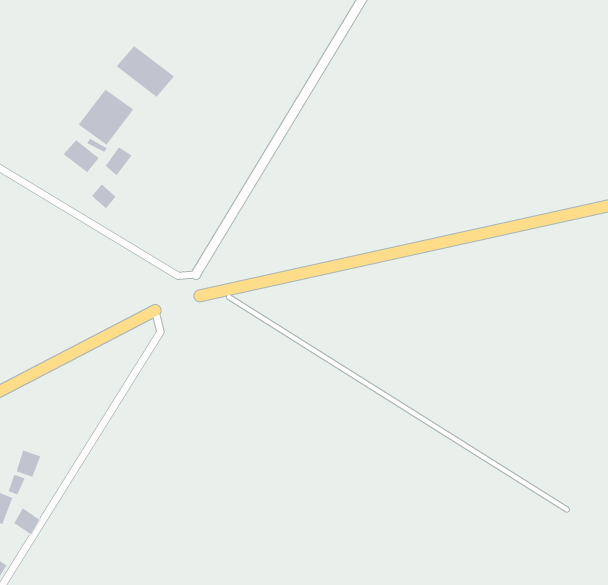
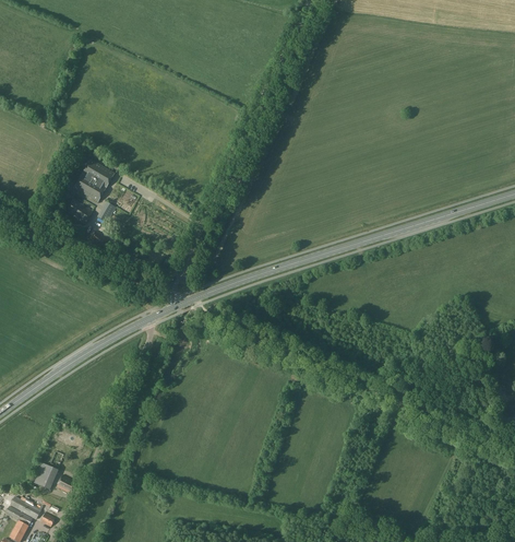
building: [116,45,175,98] -> none

